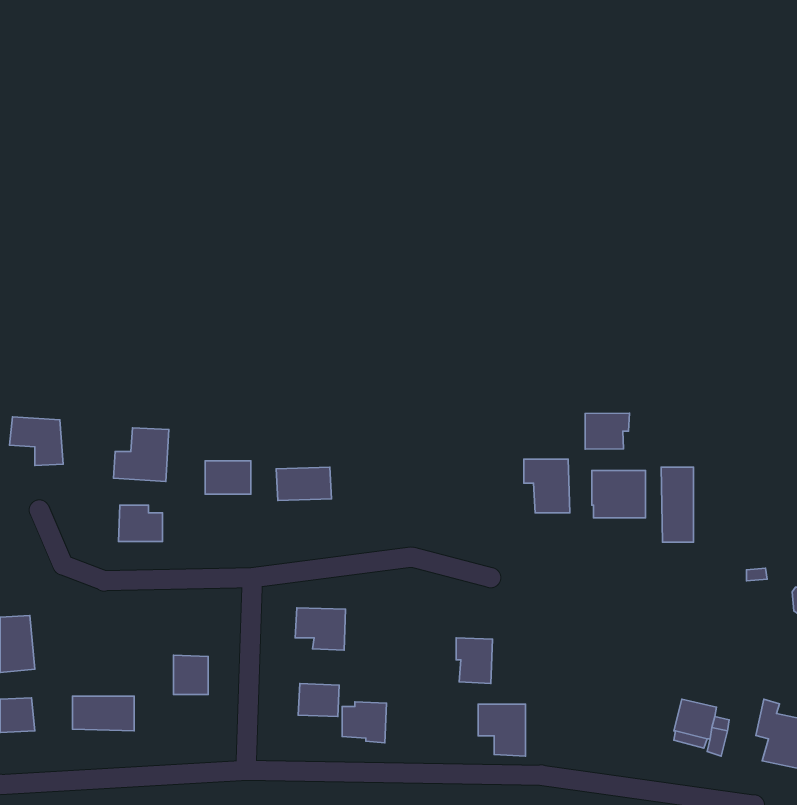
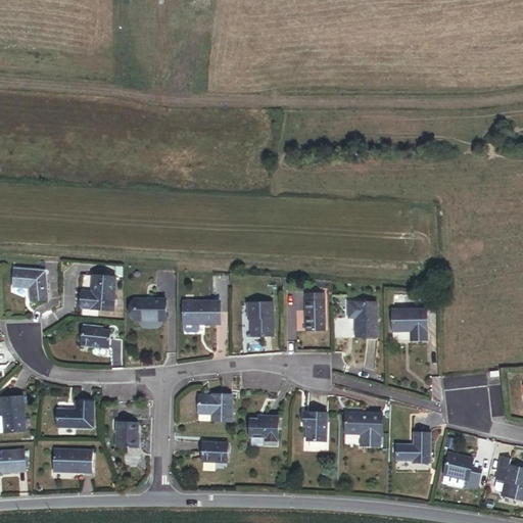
building: [585,413,629,449] -> none
building: none -> [245,297,271,332]
building: none -> [302,297,323,326]
building: [661,467,693,542] -> none
building: none -> [59,403,97,430]
building: none -> [395,427,429,457]
building: [342,702,386,743] -> [247,416,276,442]
building: [478,704,526,756] -> [349,409,380,442]

